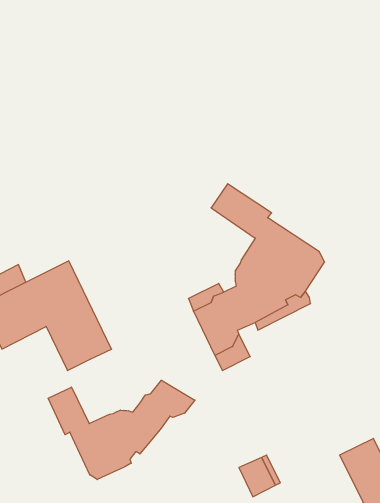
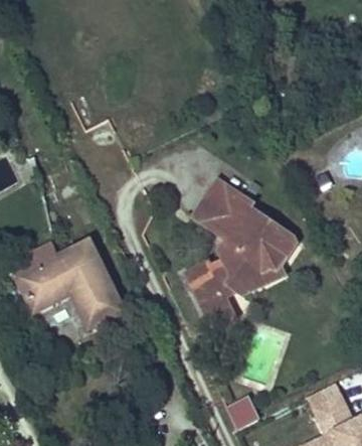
building: none -> [193,198,239,240]
building: [48,380,195,480] -> none

